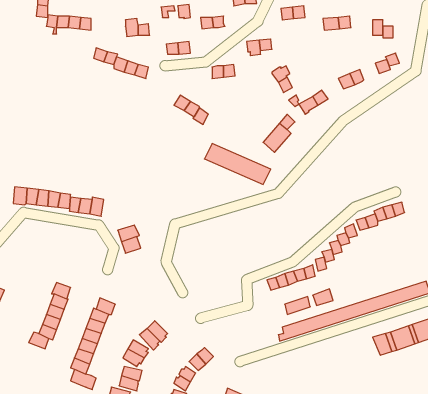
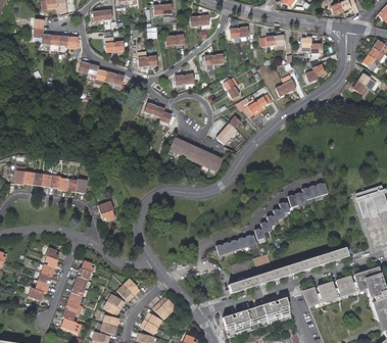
building: none -> [223,298,290,333]

